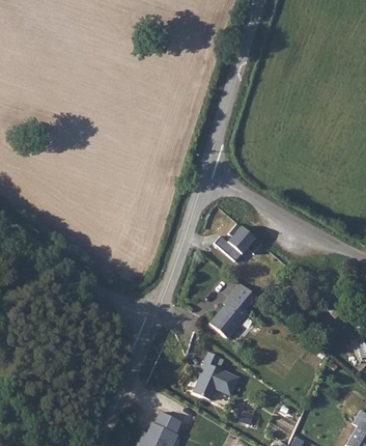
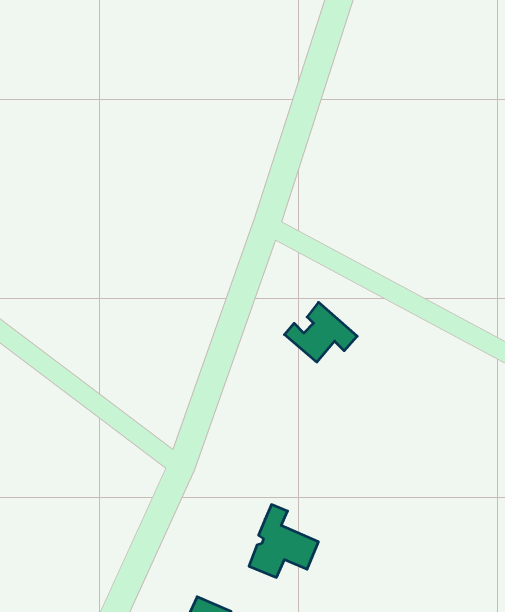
building: [208,282,255,335] -> none

